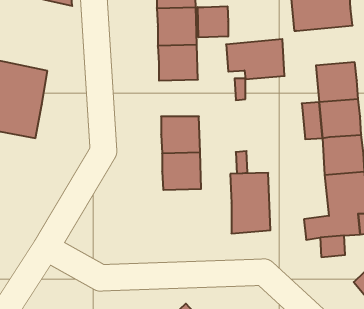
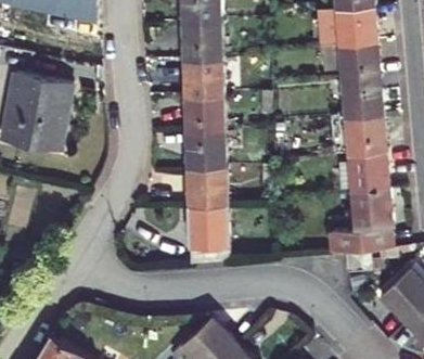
building: [198,6,228,37] -> none
building: [226,39,285,79] -> [321,39,380,79]
building: none -> [183,93,223,130]
building: [230,173,270,233] -> [188,203,228,264]

